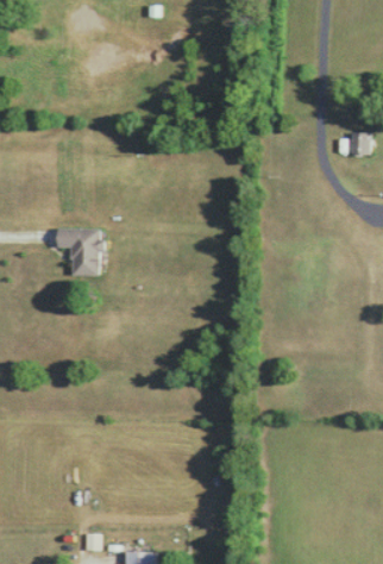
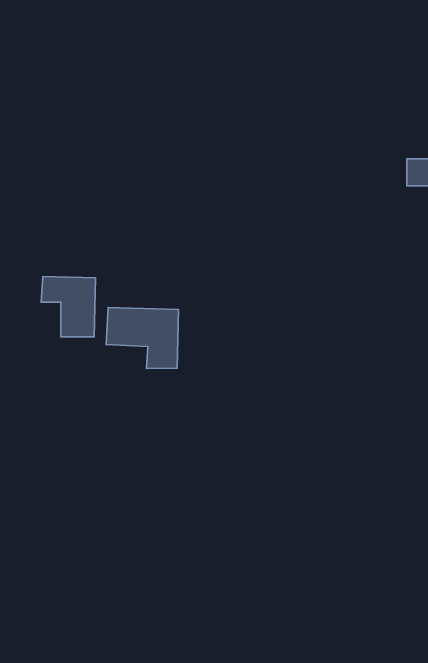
building: none -> [106,308,179,368]

